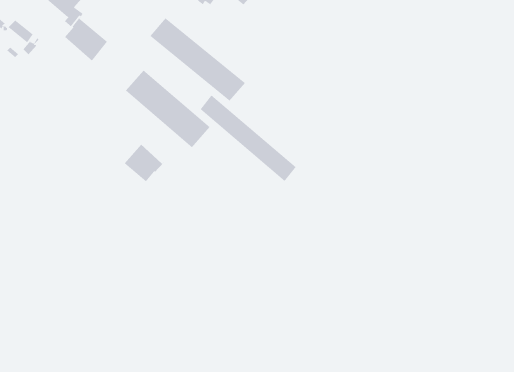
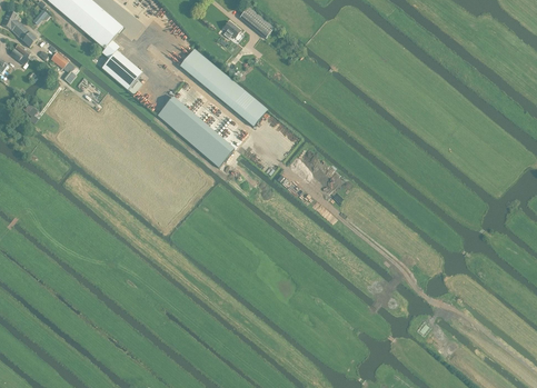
building: [200,94,296,182] -> none
building: [124,144,164,182] -> none

